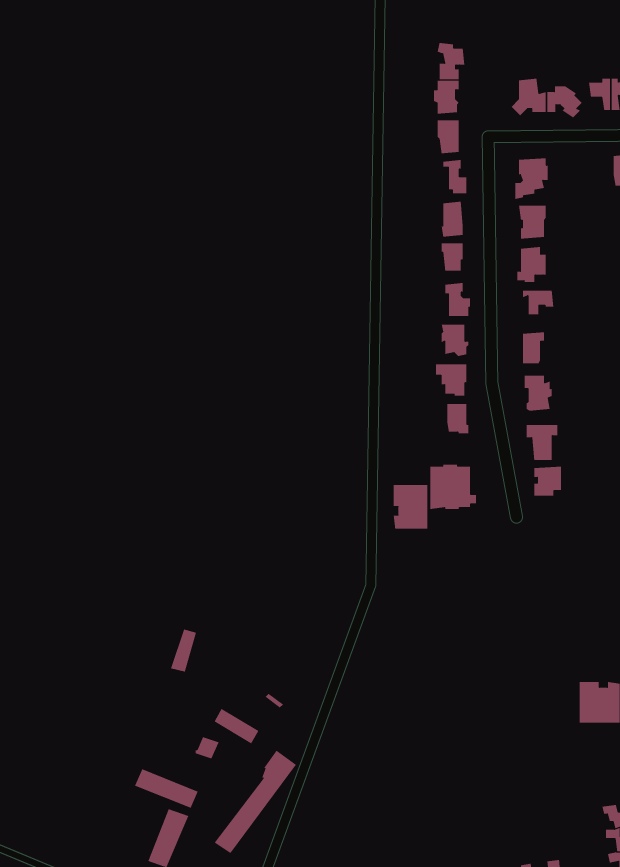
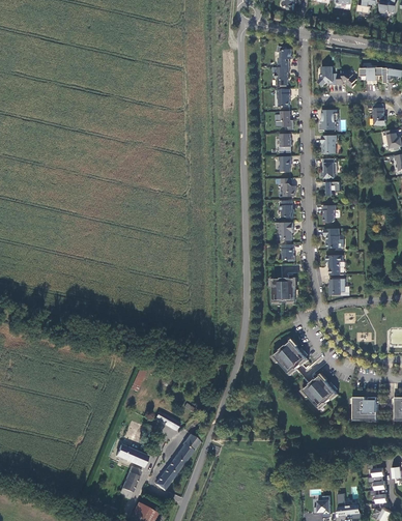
building: [393,484,428,529] -> none
building: none -> [274,341,307,373]
building: none -> [304,375,337,408]

